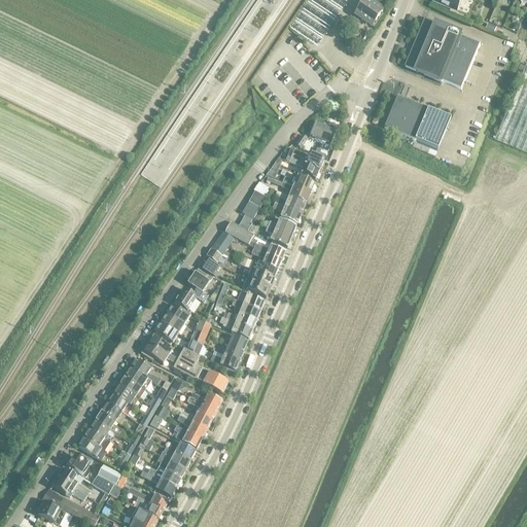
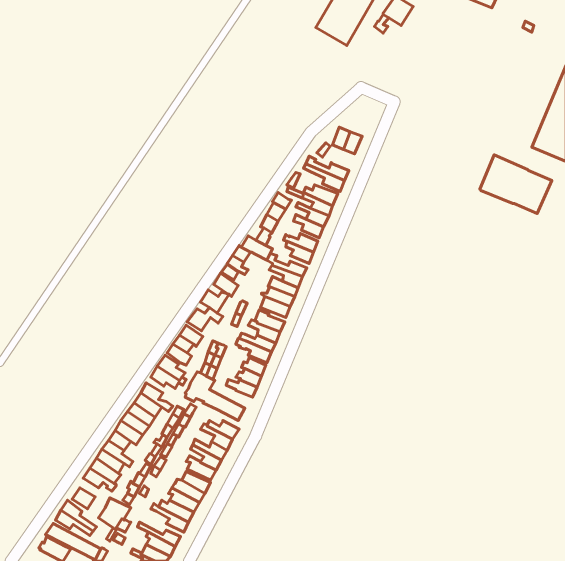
building: [406,17,481,86] -> none
building: [385,93,452,147] -> [480,155,552,214]

